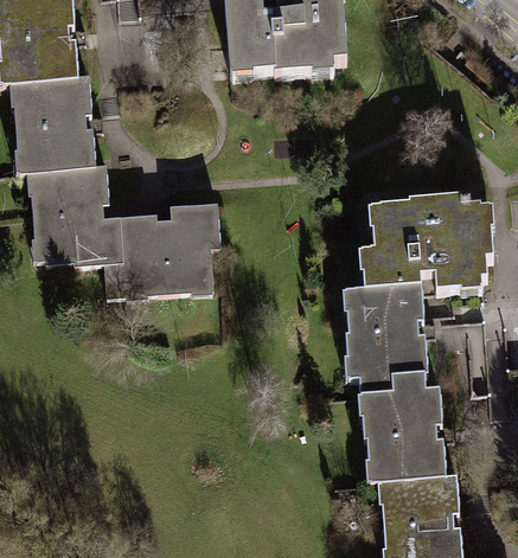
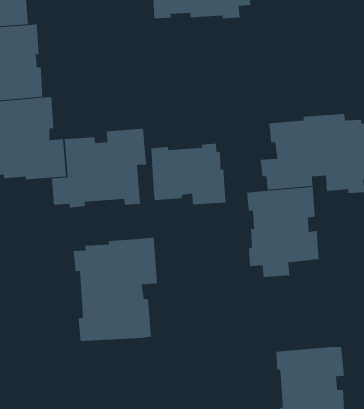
building: none -> [151,143,226,205]
building: none -> [73,237,157,342]
building: [357,366,446,479] -> none

